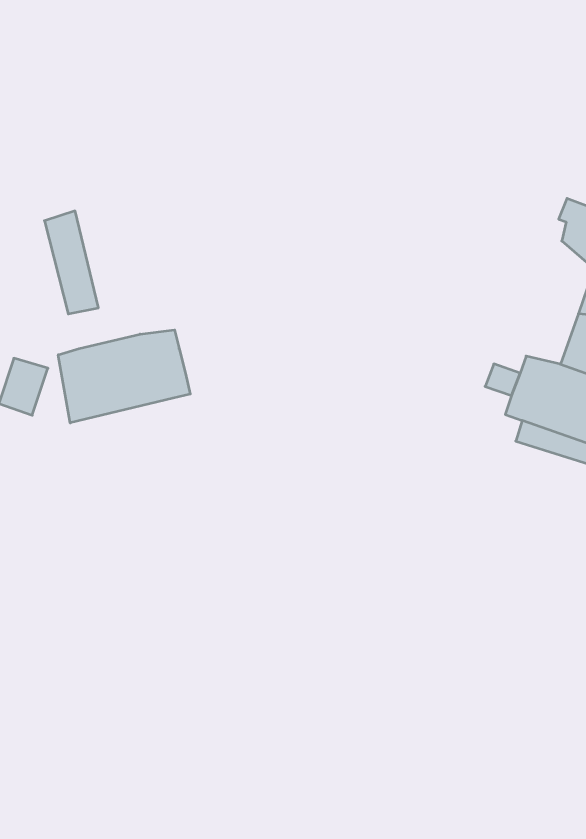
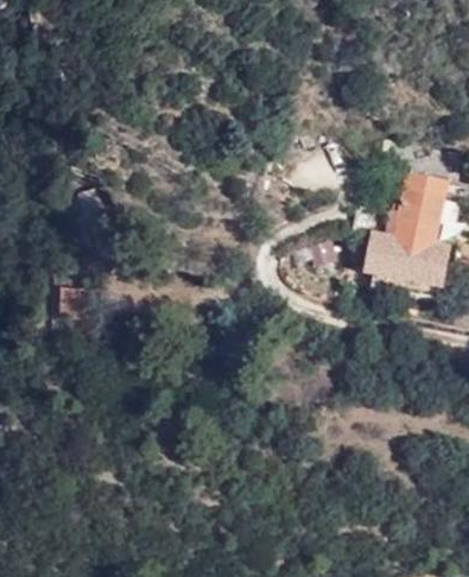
building: [58,330,190,423] -> none

